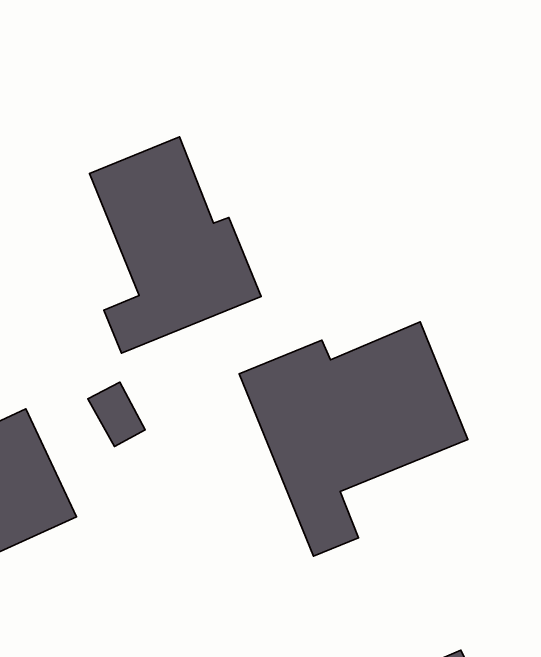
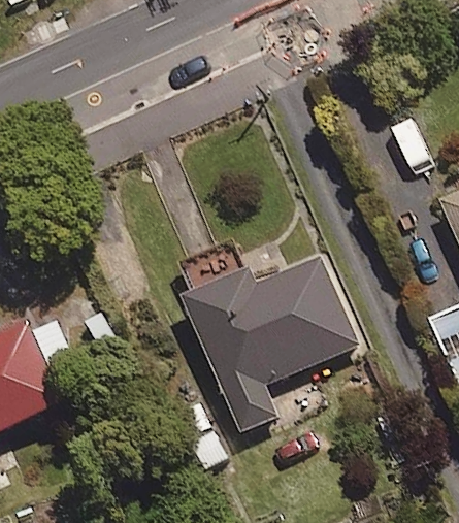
building: [89,137,261,353] -> none

